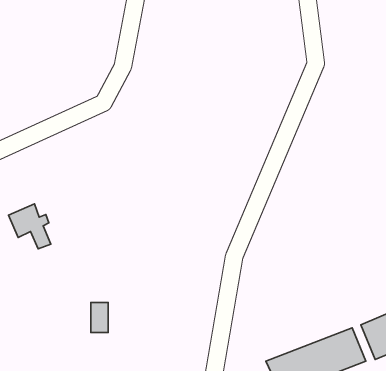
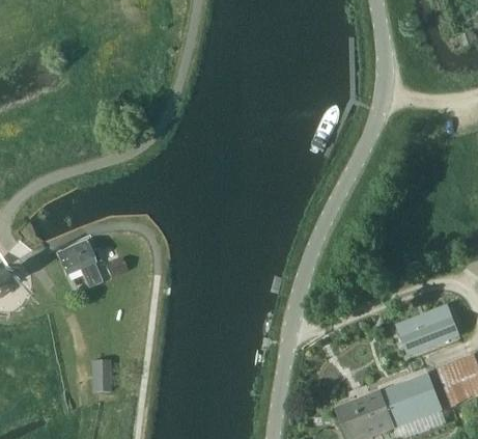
building: none -> [396,303,459,354]
building: [91,303,108,332] -> [92,359,111,391]

